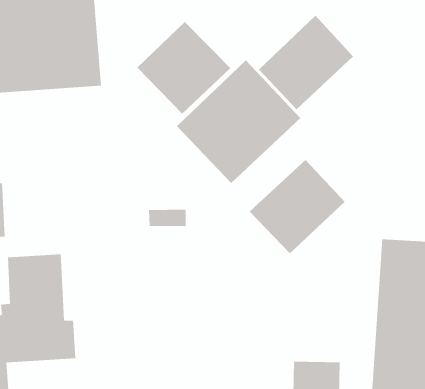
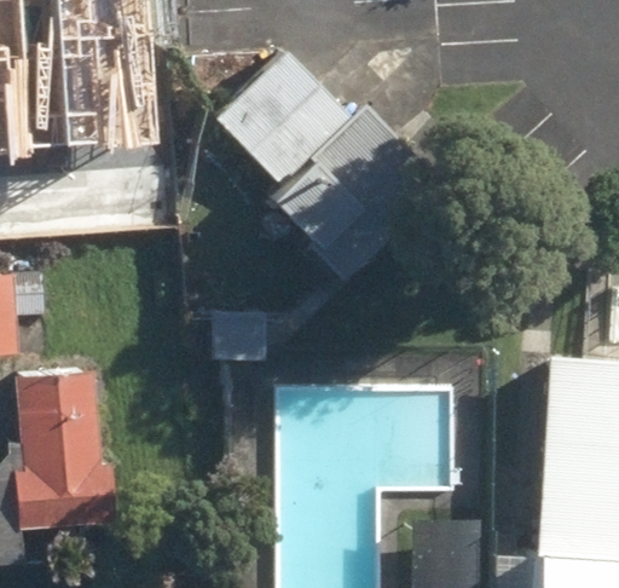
building: [258,15,354,110] -> none
building: [249,159,346,254] -> none

